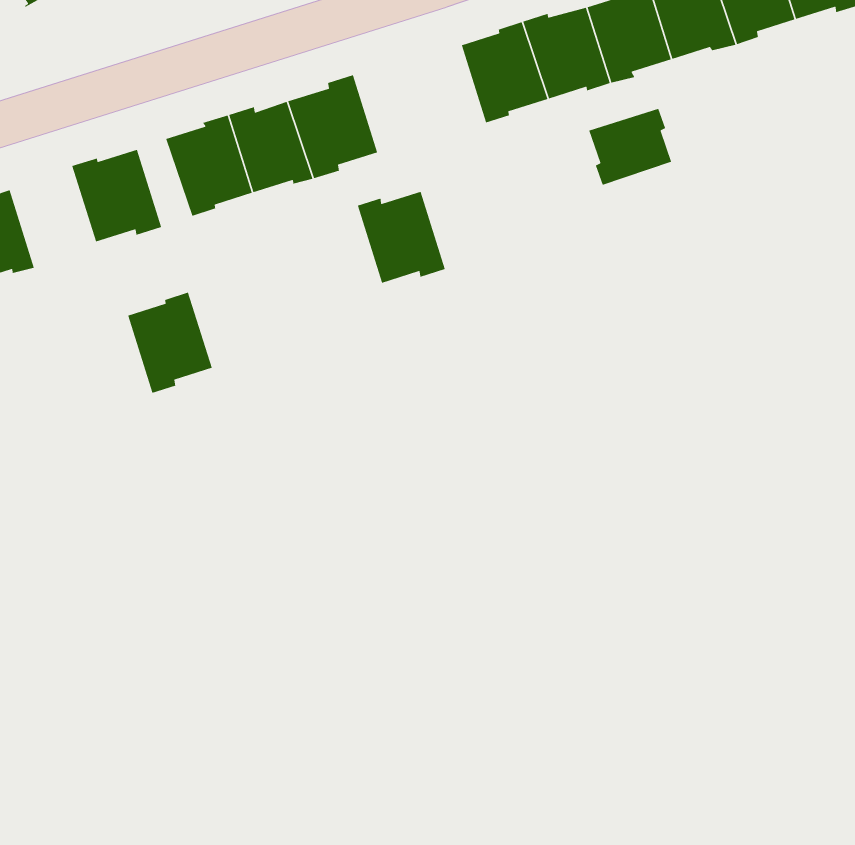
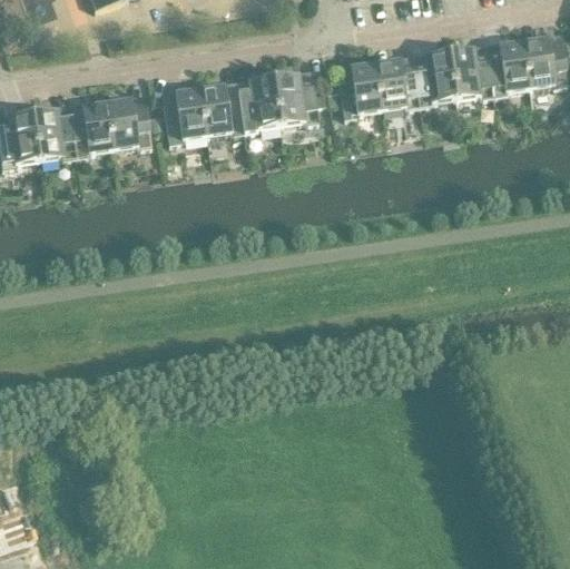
building: [588,108,672,186] -> none
building: [357,191,446,284] -> [278,72,323,121]
building: [127,292,213,394] -> [73,100,117,155]

